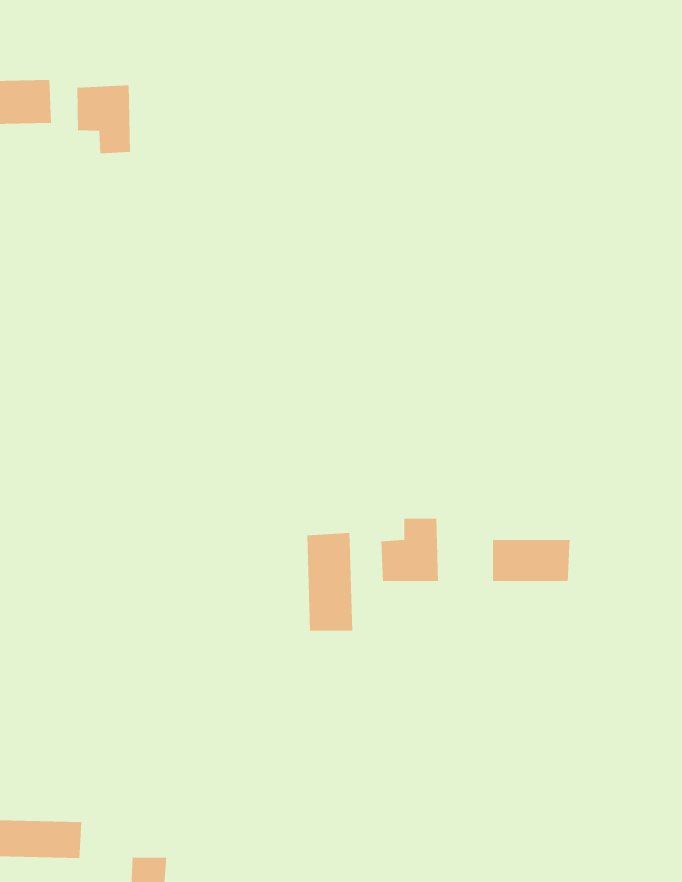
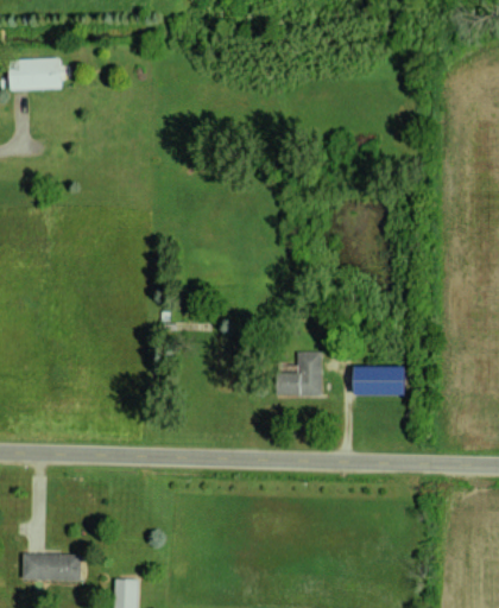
building: [77,84,131,154] -> none
building: [306,532,353,632] -> none

